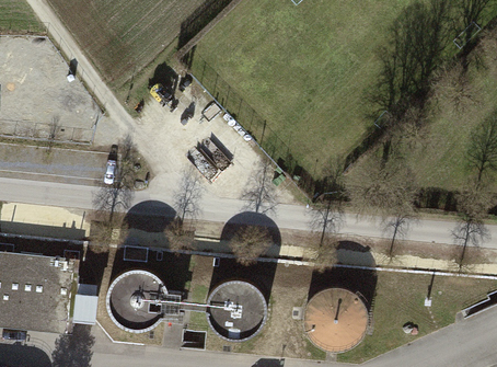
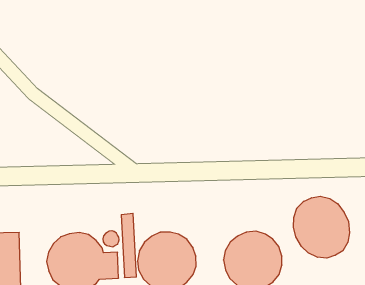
building: none -> [293,196,350,258]

